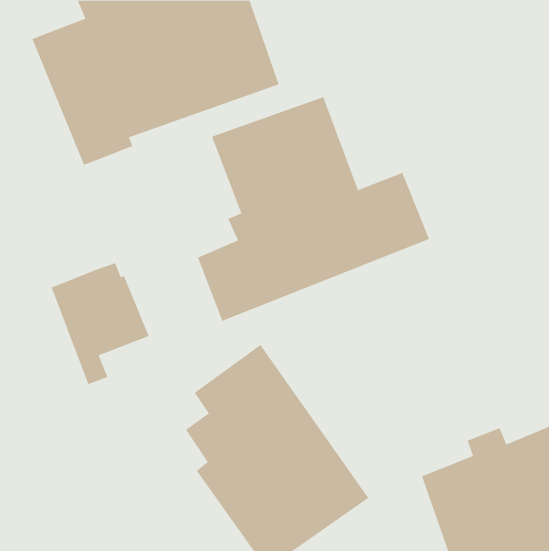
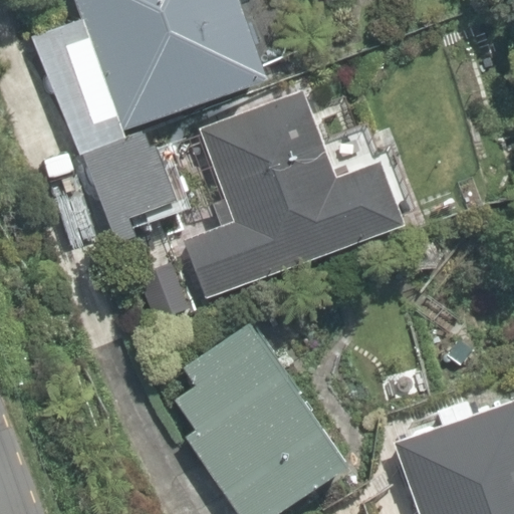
building: [51,262,149,385] -> [84,132,176,245]

